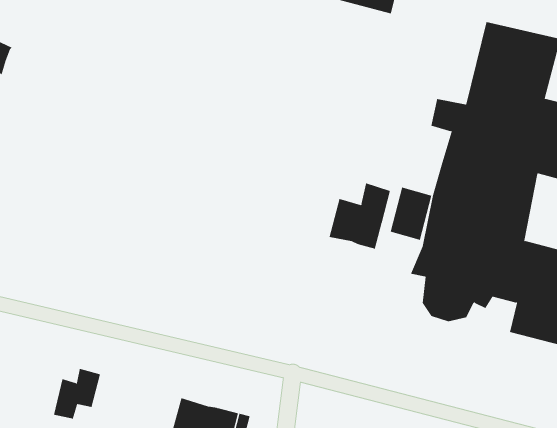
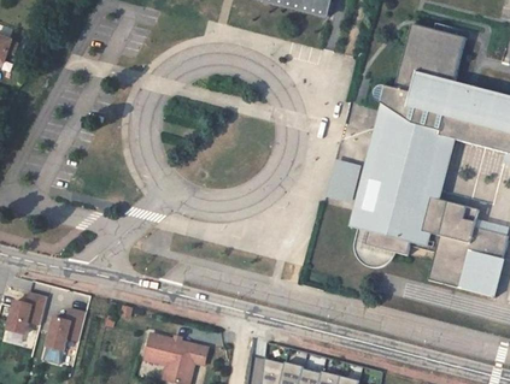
building: [329,182,390,249] -> none
building: none -> [7,291,46,333]

